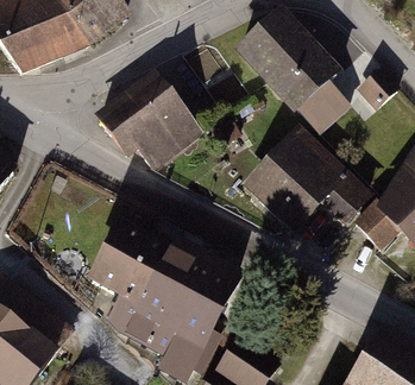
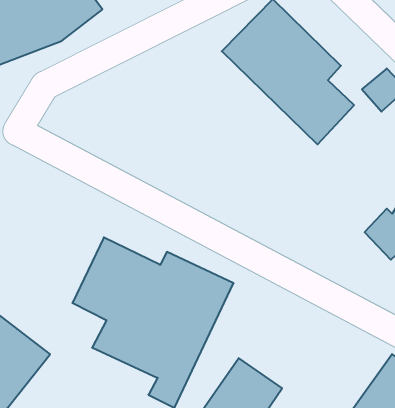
building: [100,72,200,164] -> none
building: [239,125,373,232] -> none

